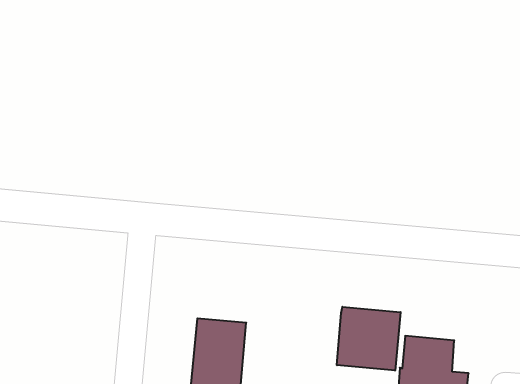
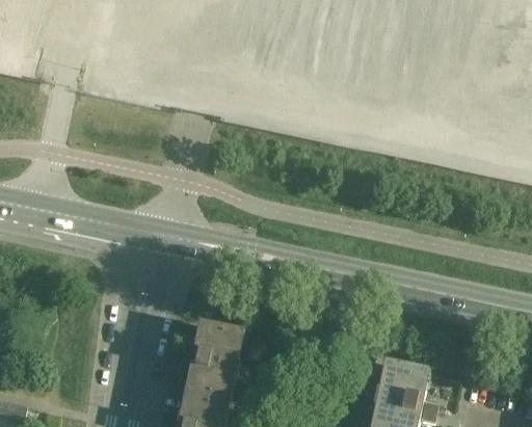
building: [337,307,401,371] -> none

